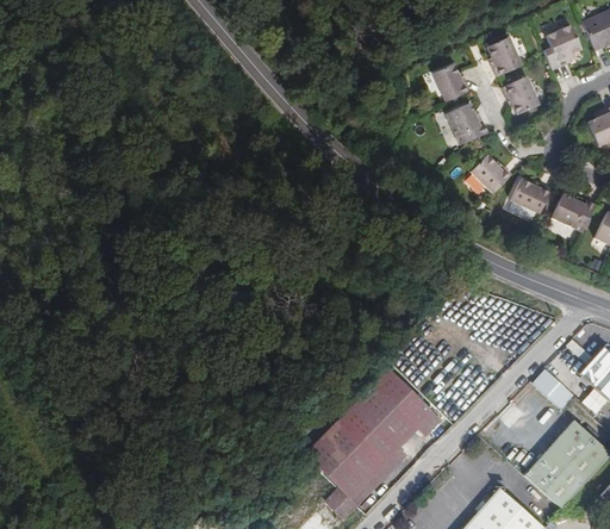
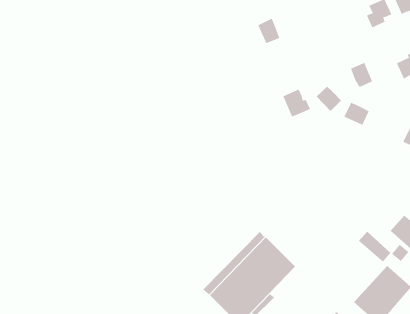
building: [487,37,522,75] -> none
building: [432,61,466,99] -> [258,18,280,44]
building: [505,76,539,114] -> [350,62,373,88]
building: [447,102,488,144] -> [283,89,311,117]
building: [550,194,595,234] -> none

